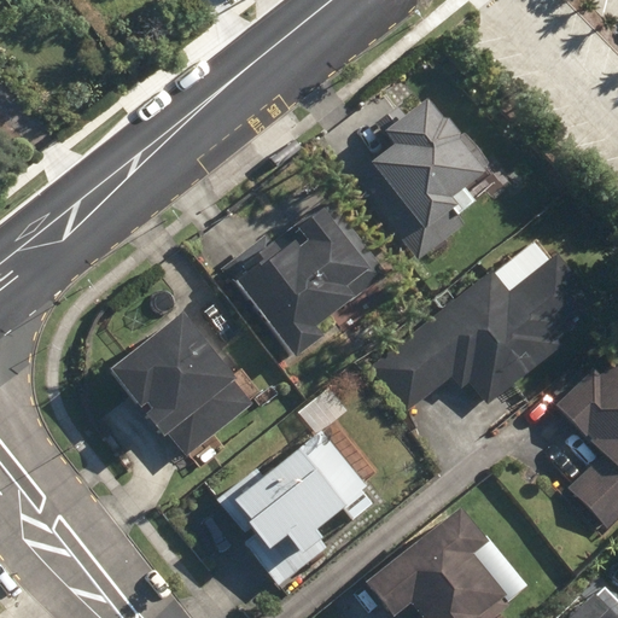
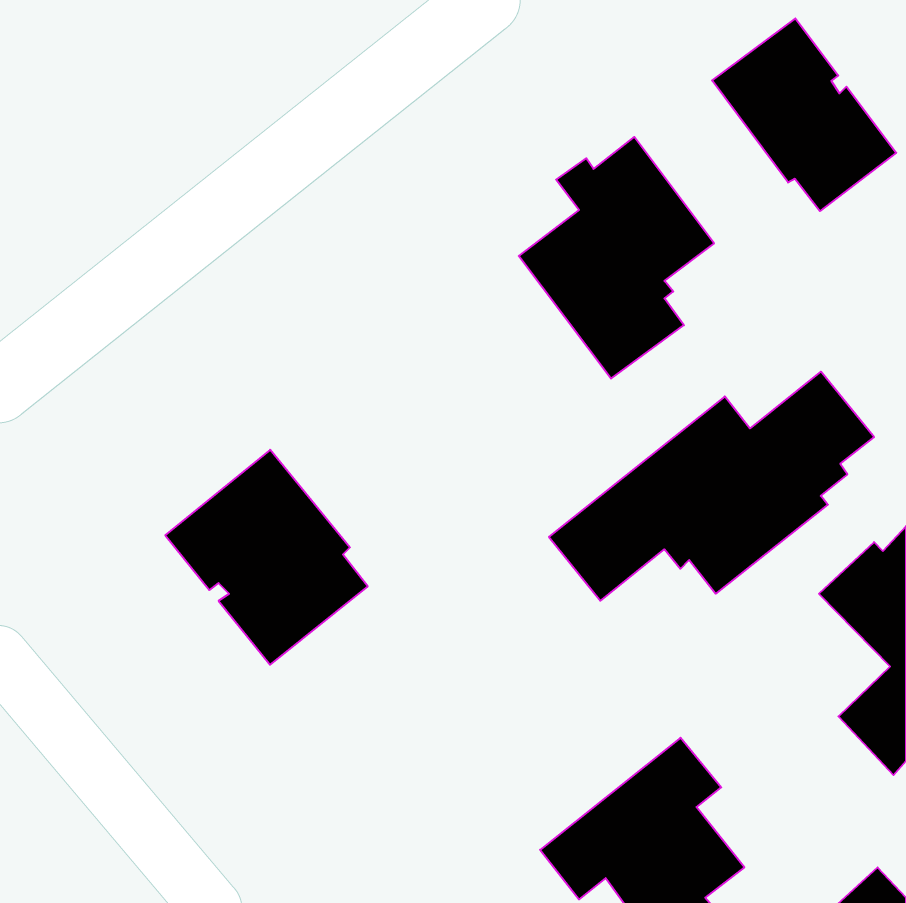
building: none -> [712,18,896,211]
building: [221,200,386,361] -> none
building: [220,430,367,584] -> none

